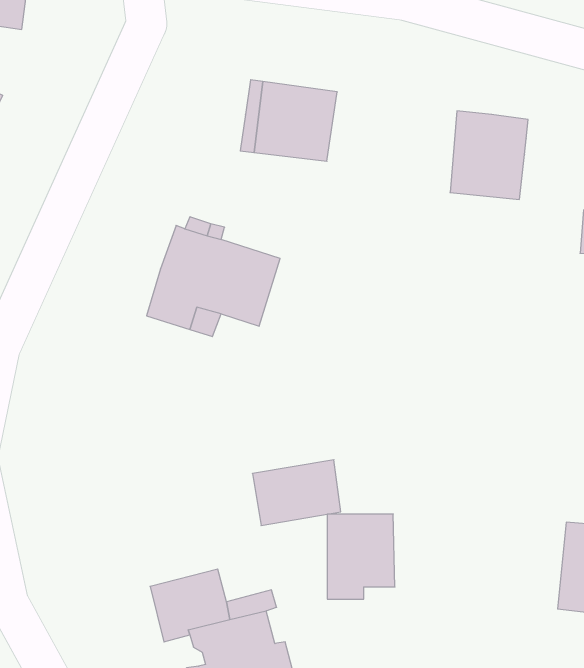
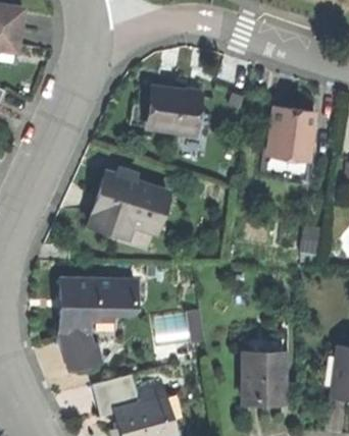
building: none -> [60,280,136,371]
building: [327,514,395,599] -> [244,353,284,403]

